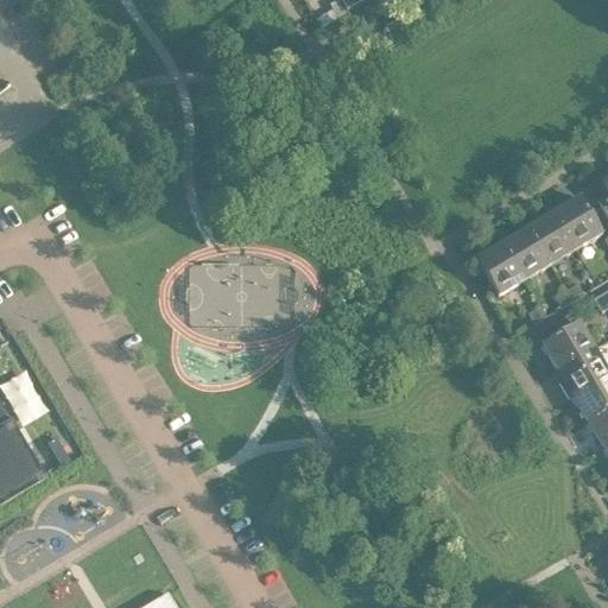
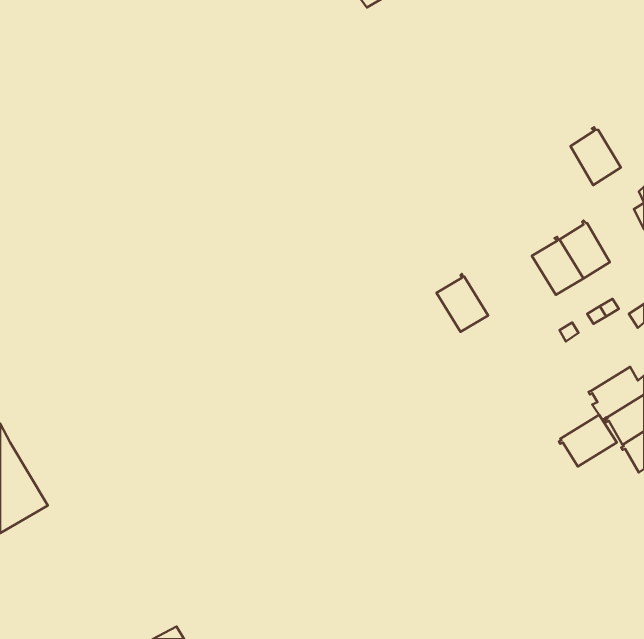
building: [553,192,601,247] -> [570,127,621,185]
building: [475,239,524,293] -> [437,274,488,332]
building: [539,319,594,368] -> [559,415,617,467]

